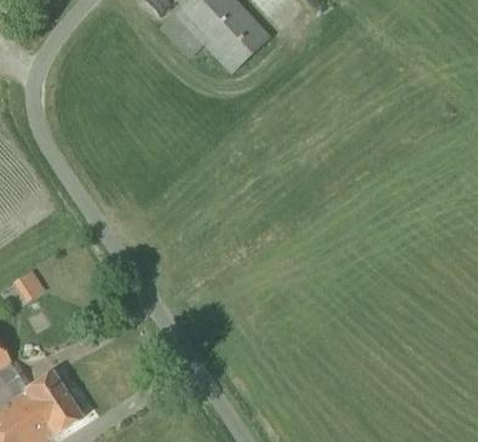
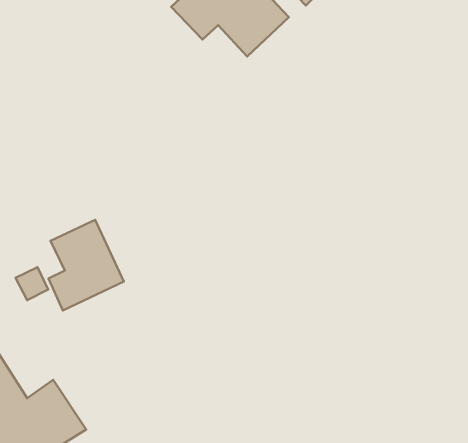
building: none -> [48,220,124,310]

